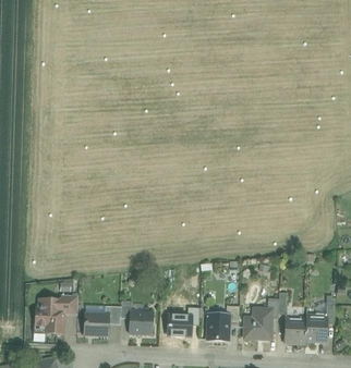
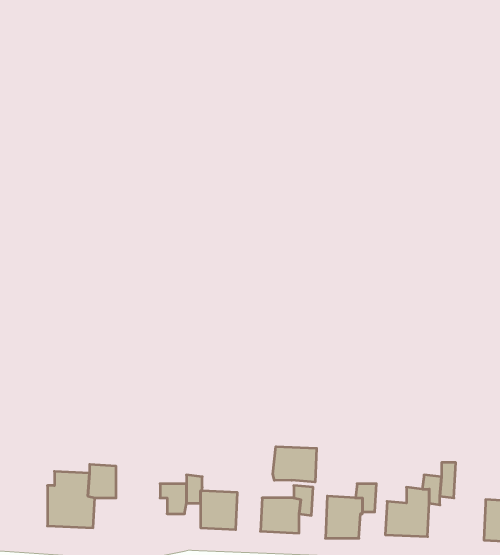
building: none -> [273,447,317,482]
building: [83,314,108,335] -> none
building: [283,317,305,343] -> none

